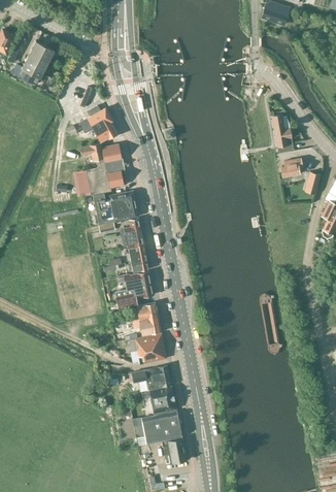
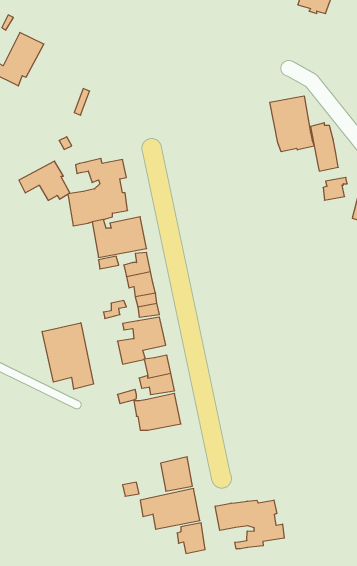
building: none -> [270,96,314,152]
building: [76,109,117,141] -> [19,161,70,200]
building: none -> [42,323,93,389]
building: [132,366,171,391] -> none
building: none -> [215,500,284,549]

